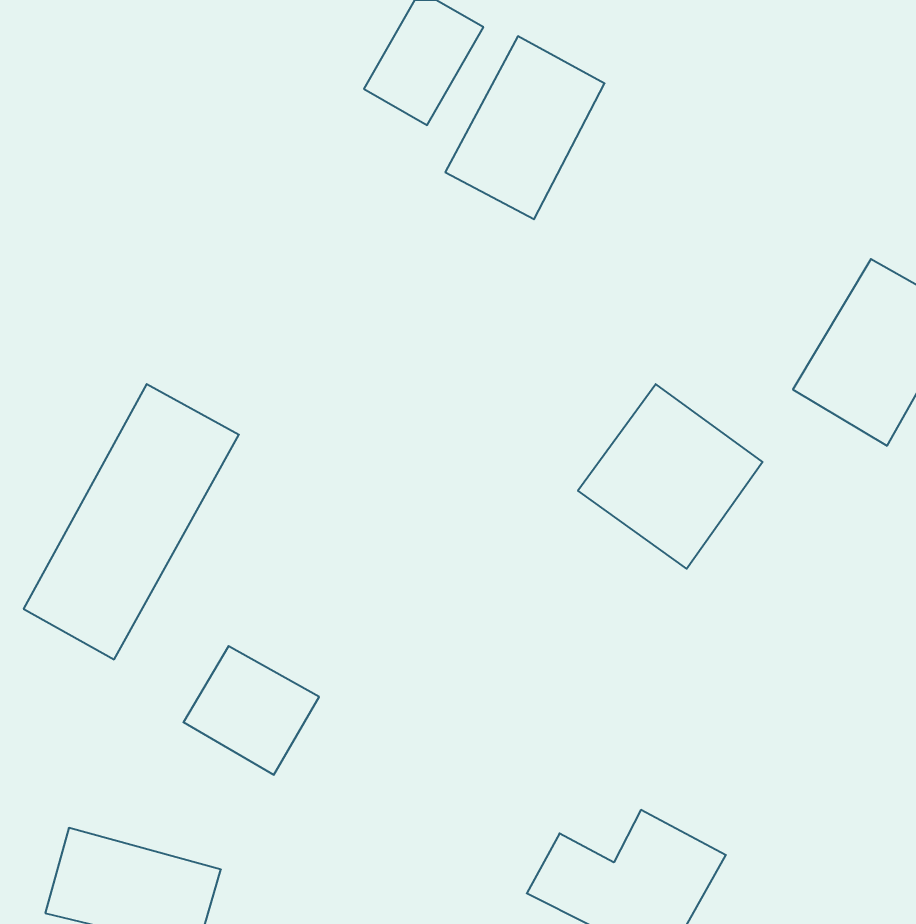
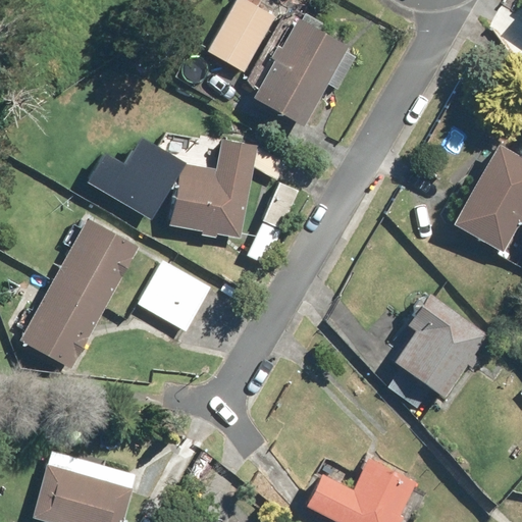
building: none -> [93,136,256,236]
building: [578,384,763,569] -> [383,292,487,396]
building: [183,646,319,775] -> [139,263,215,335]

